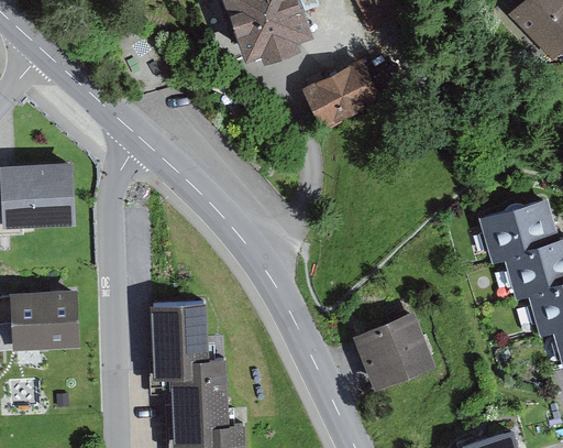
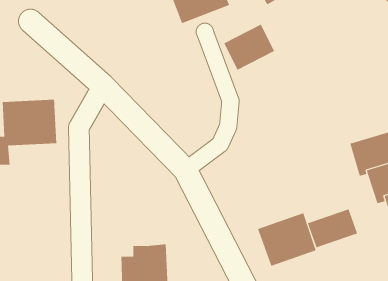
building: [10,289,77,350] -> none
building: [144,308,206,380] -> none
building: none -> [307,209,358,248]

